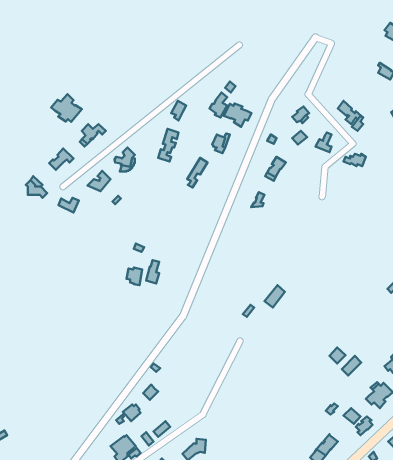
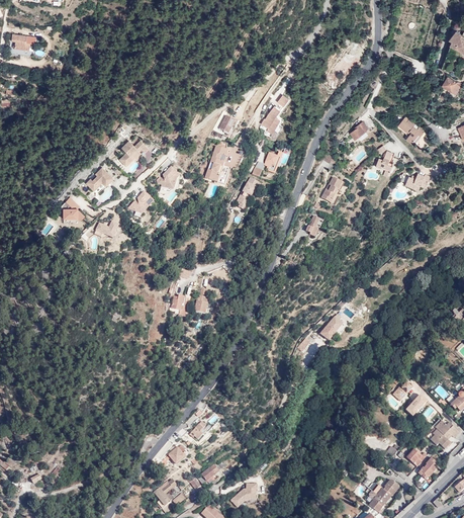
building: [51,94,82,122] -> none
building: [224,103,252,127] -> none

